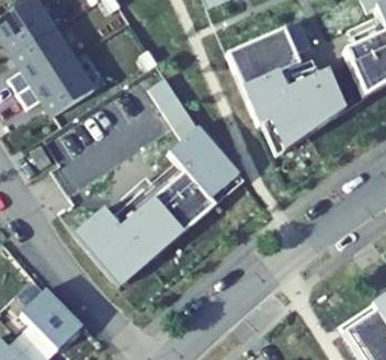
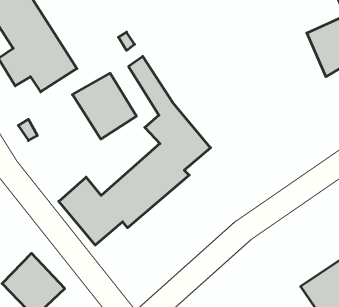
building: [227,20,344,151] -> none
building: none -> [72,73,136,139]

